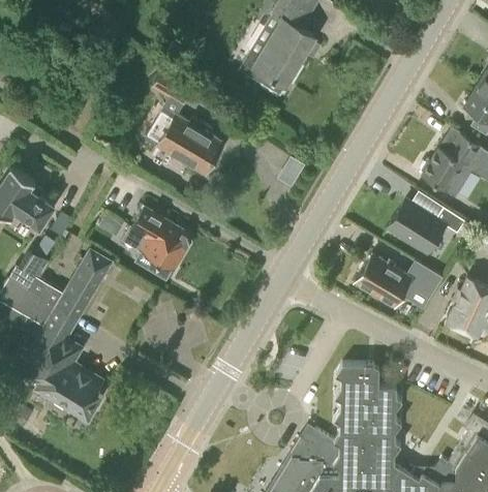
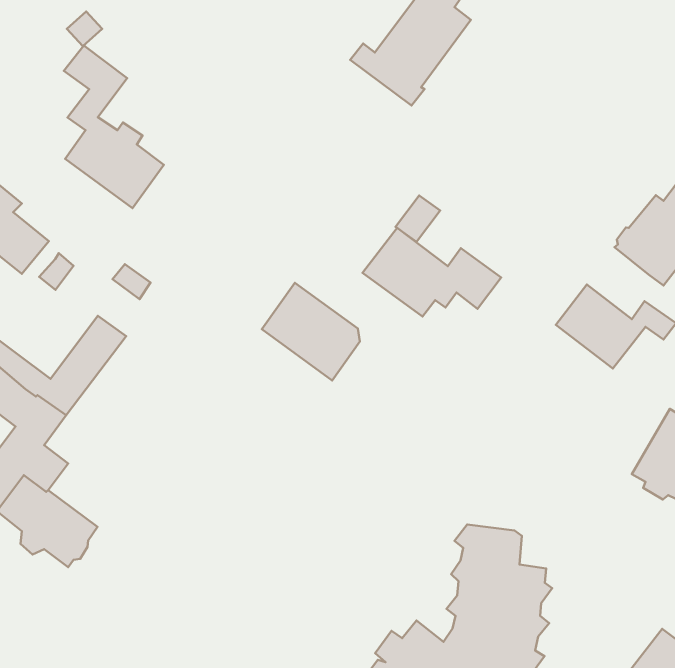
building: [153,71,223,174] -> [64,45,164,208]
building: [126,209,190,270] -> [262,283,360,381]
building: [354,252,444,308] -> [362,228,501,317]

